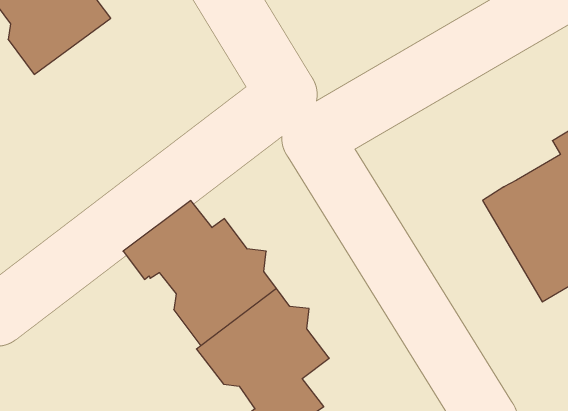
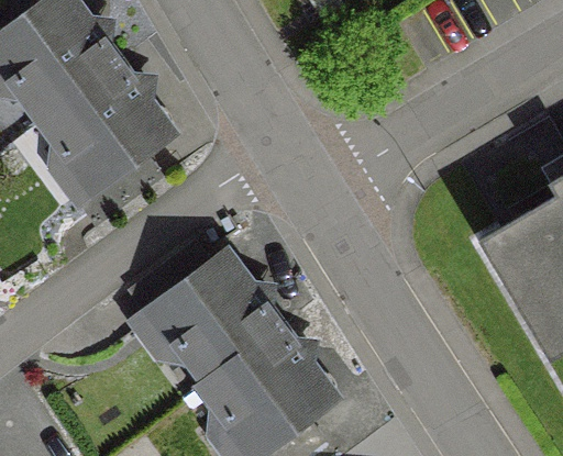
building: none -> [35,64,165,229]

